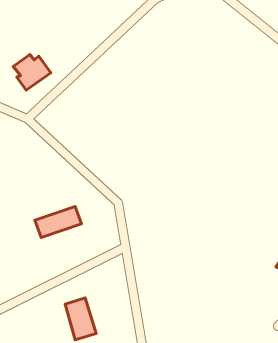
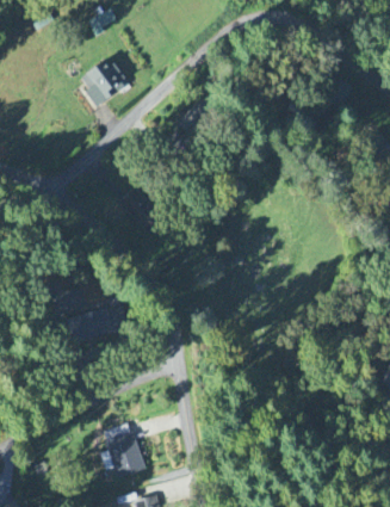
building: [13,54,51,90] -> [81,60,130,106]

